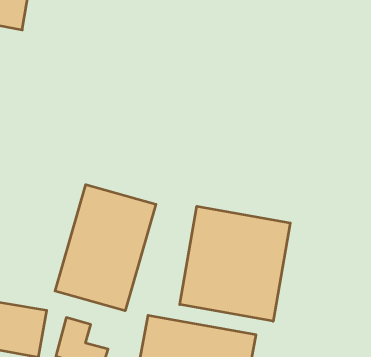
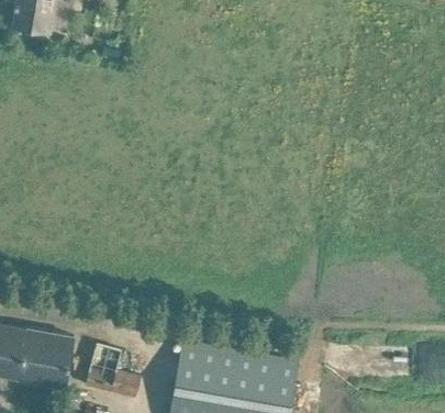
building: [55,185,156,311] -> none
building: [180,206,290,321] -> none

